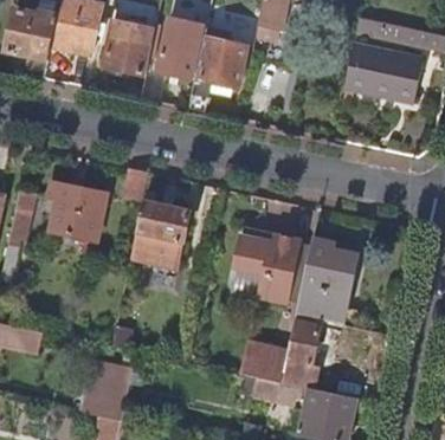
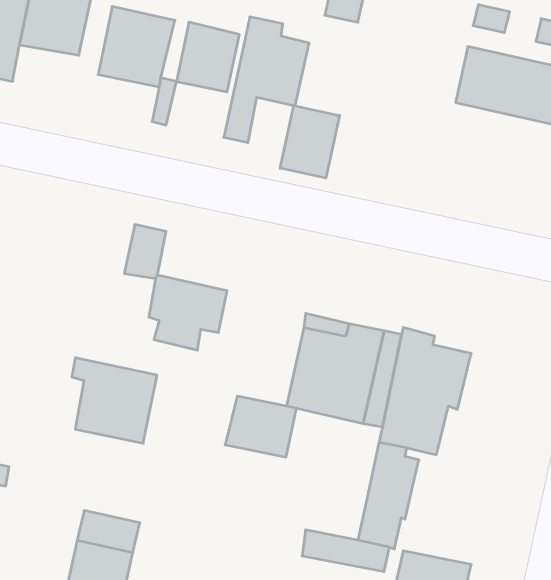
building: none -> [280,106,340,178]
building: [46,182,104,240] -> [72,358,157,443]
building: [238,341,286,382] -> [225,396,297,457]

